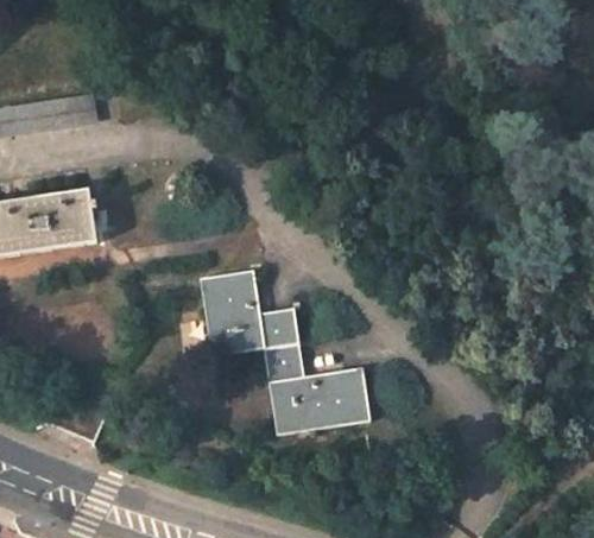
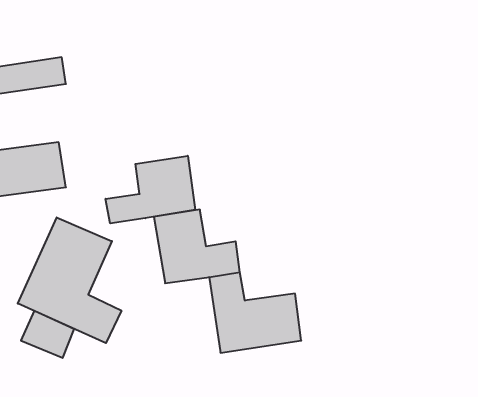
building: none -> [106,156,195,223]
building: none -> [18,217,121,343]

